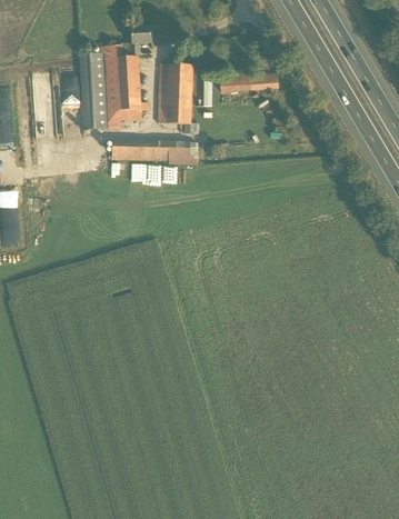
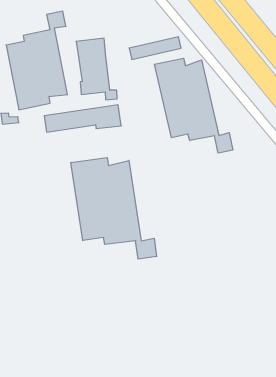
building: none -> [154,58,233,153]
building: none -> [71,158,157,259]

